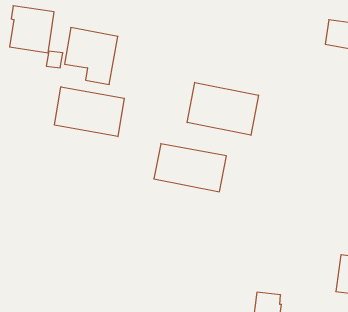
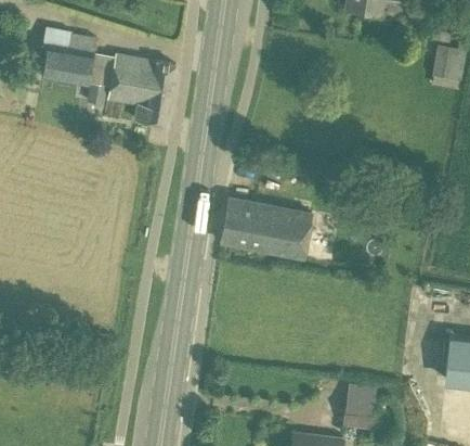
building: [187,82,258,135] -> none
building: [55,87,124,137] -> none

